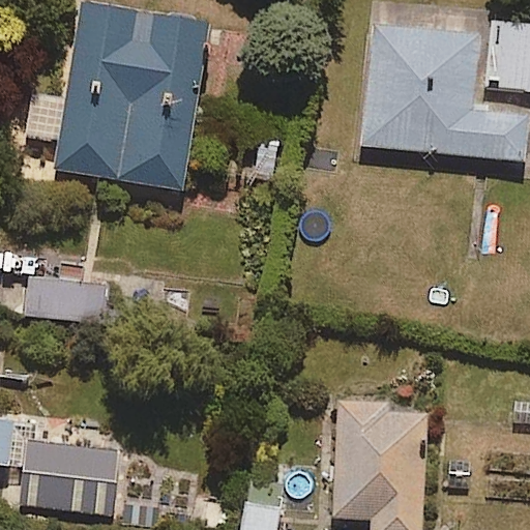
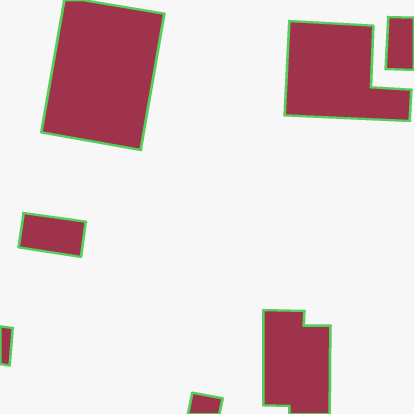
building: [21,442,119,516] -> none

